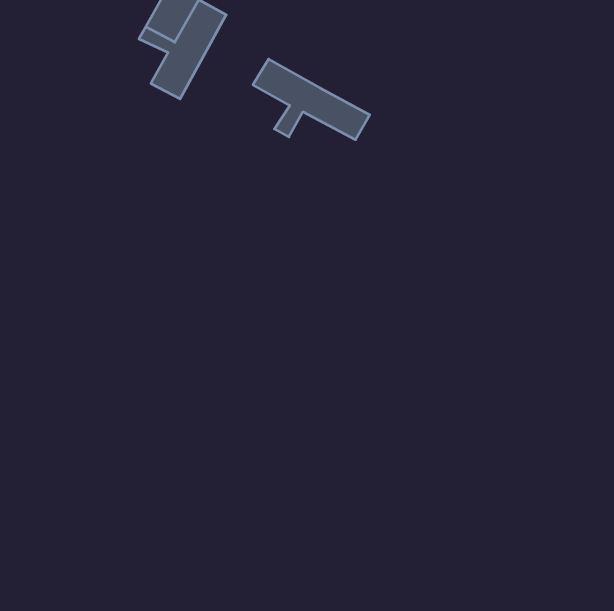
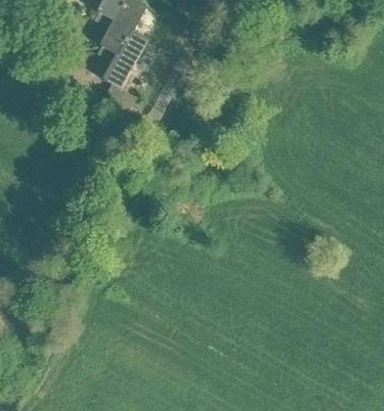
building: [253,59,370,140] -> none

